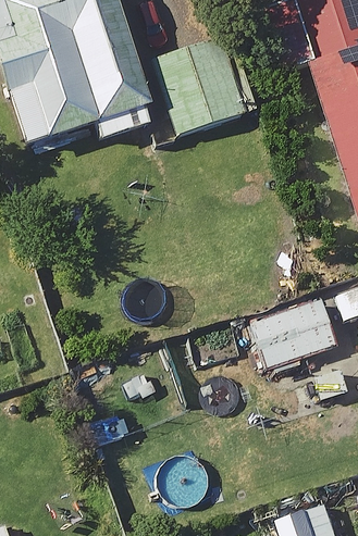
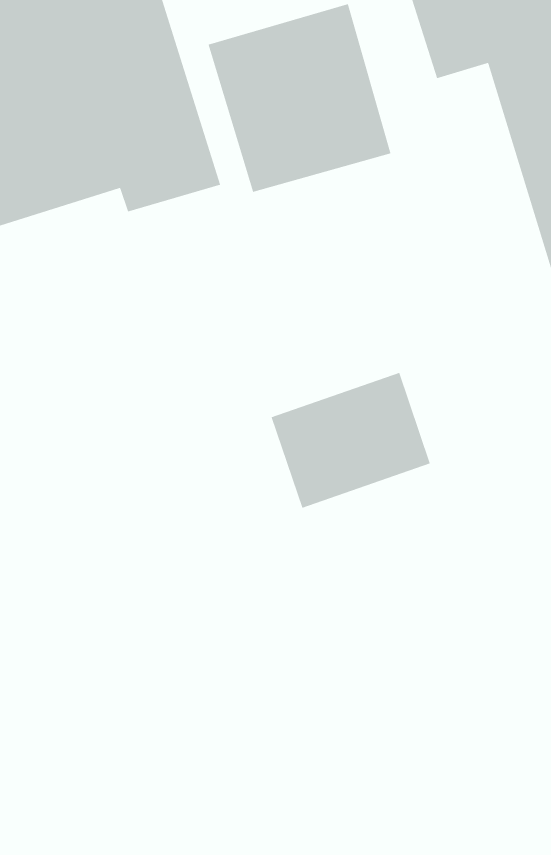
building: [249,292,338,369] -> [270,372,431,509]

